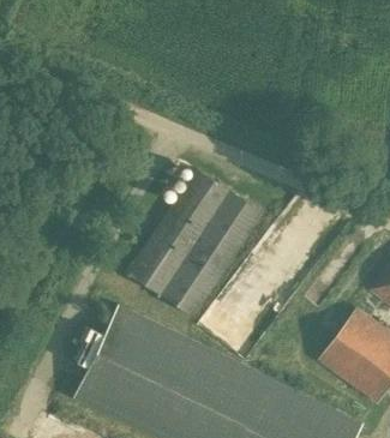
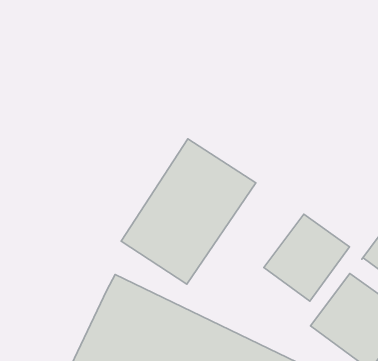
building: none -> [264,214,349,301]

